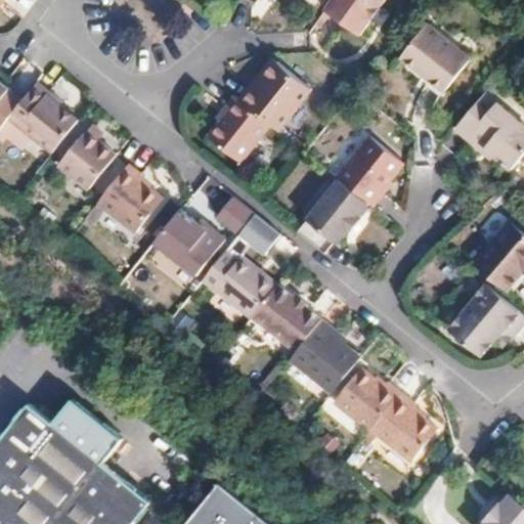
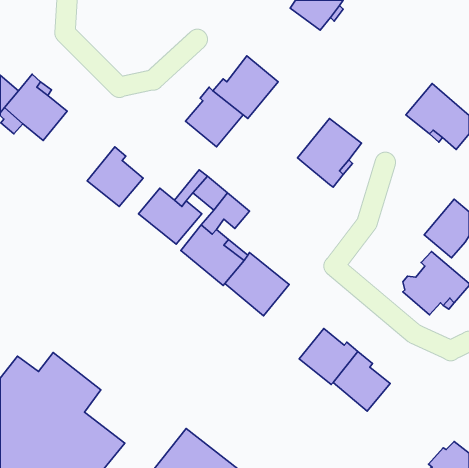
building: [396,25,466,92] -> none
building: [58,132,115,189] -> none
building: [296,181,367,254] -> none
building: [290,318,361,392] -> none

